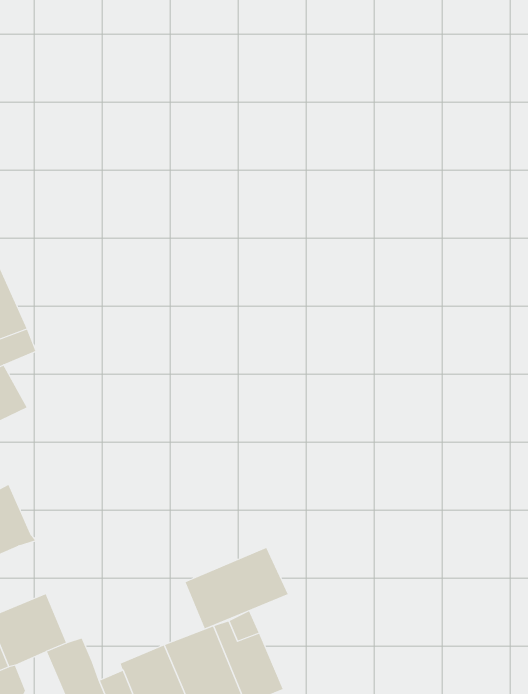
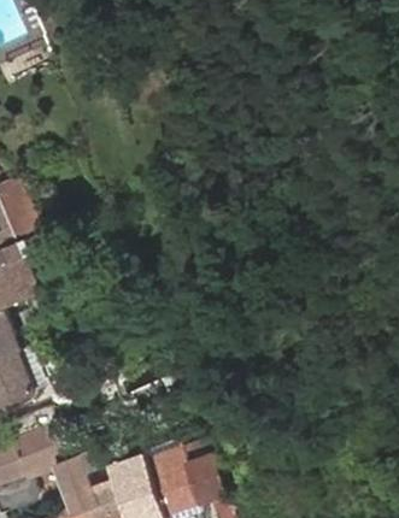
building: [185,547,288,629] -> none

